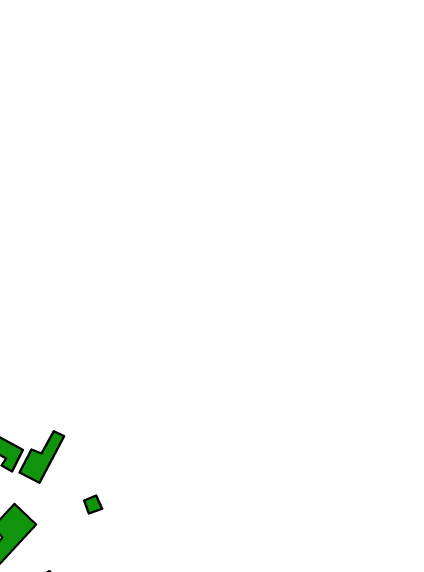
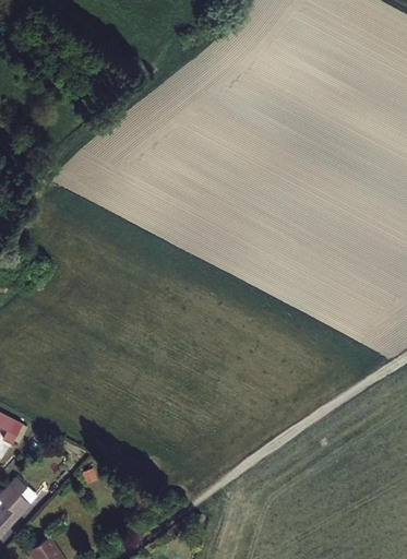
building: [20,431,64,483] -> none

